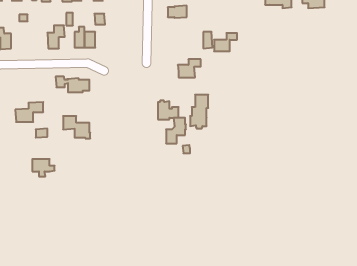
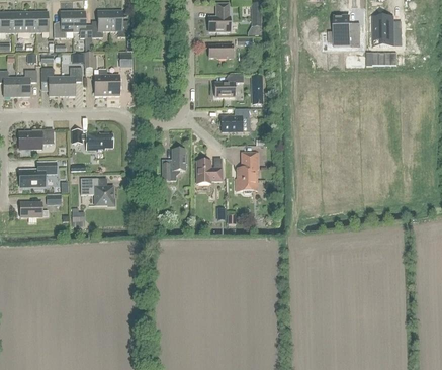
building: none -> [40,67,62,95]
building: none -> [16,69,36,95]
building: [214,33,237,51] -> [214,74,243,96]
building: none -> [18,128,53,149]
building: [166,118,186,143] -> [162,149,186,180]
building: [32,159,55,176] -> [20,201,48,222]

